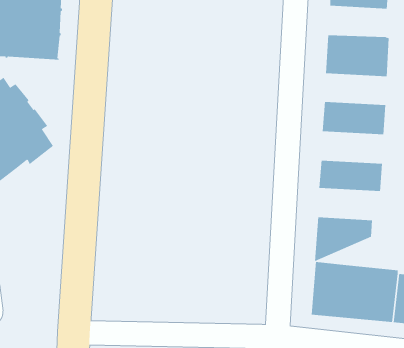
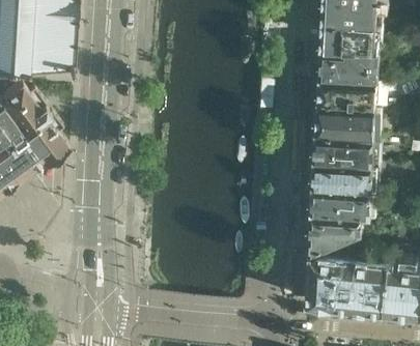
building: none -> [320,17,376,46]
building: none -> [317,80,376,109]
building: none -> [314,134,380,165]
building: none -> [311,186,370,217]

